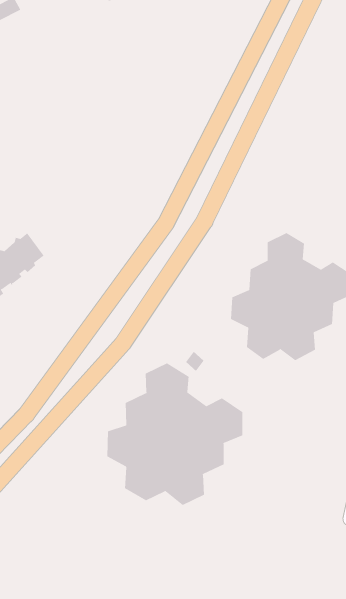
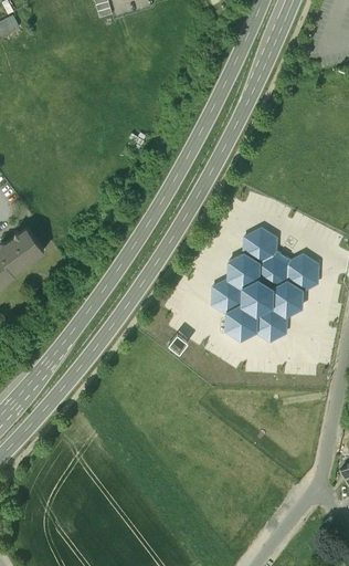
building: [107,363,243,506] -> none

